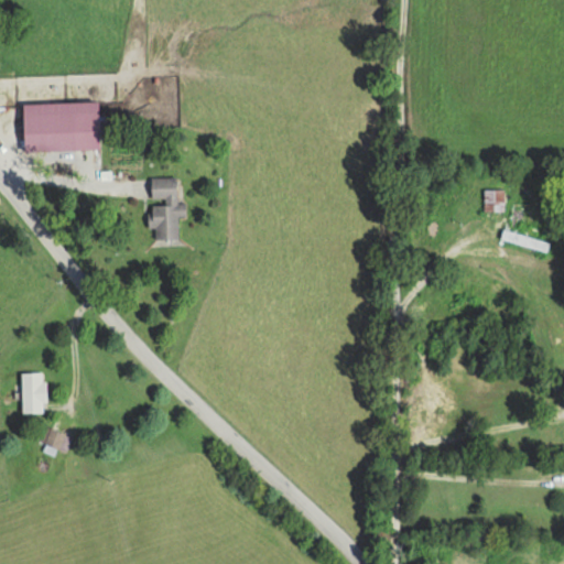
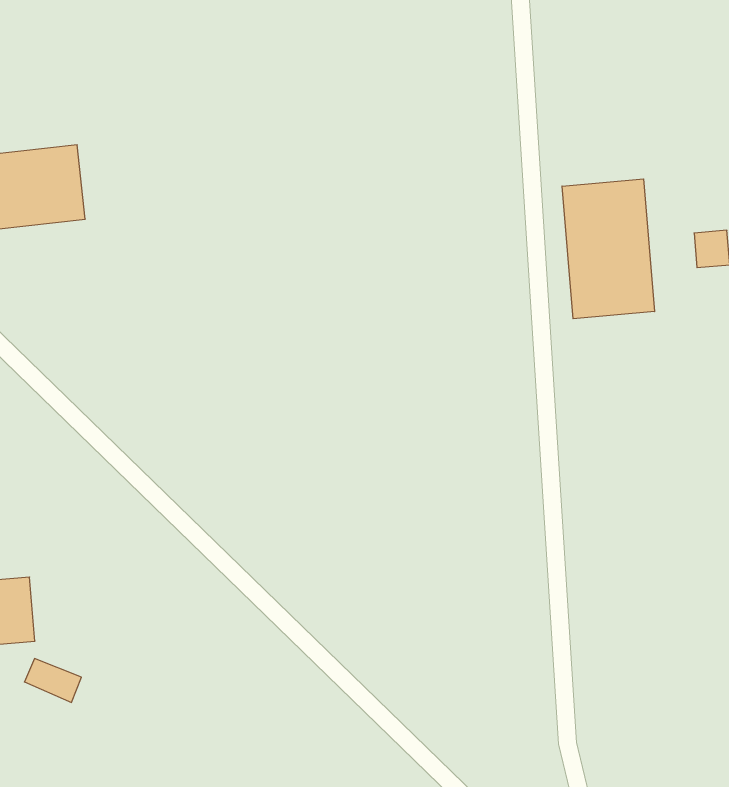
building: none -> [562,179,655,319]
building: [150,178,187,240] -> none

